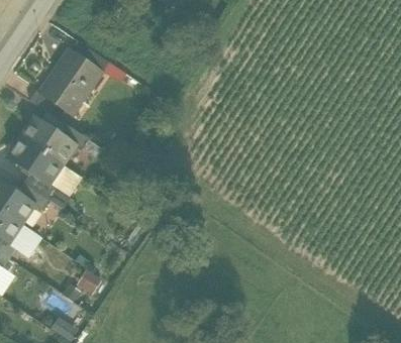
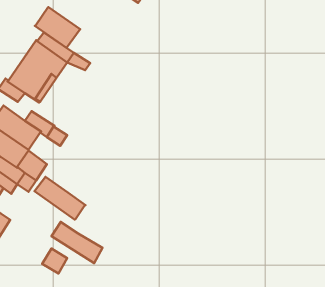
building: none -> [35,7,80,48]
building: none -> [35,177,86,219]
building: none -> [52,222,103,263]

